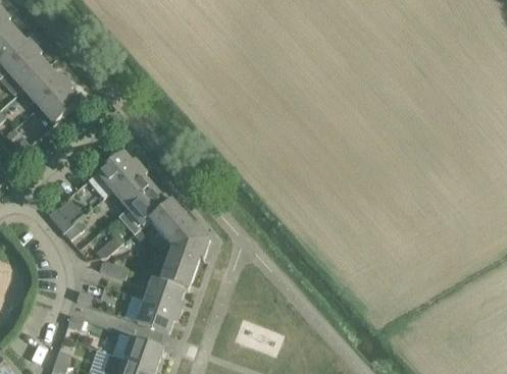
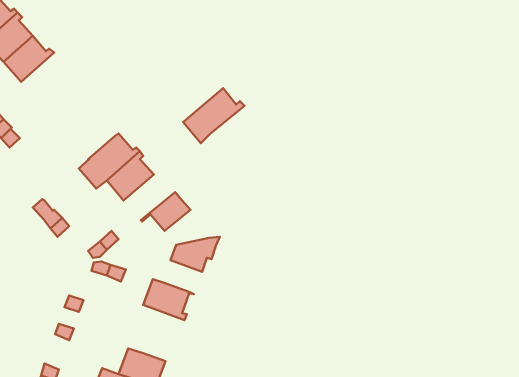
building: [38,78,80,122] -> none
building: [118,184,171,232] -> [183,88,244,143]
building: [162,215,210,246] -> none
building: [161,259,195,288] -> none
building: [136,298,180,332] -> none

